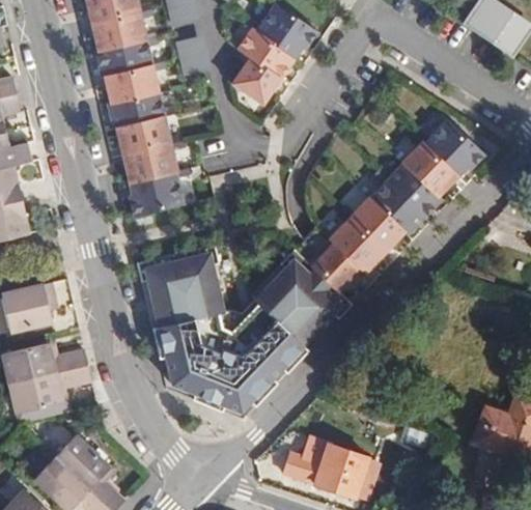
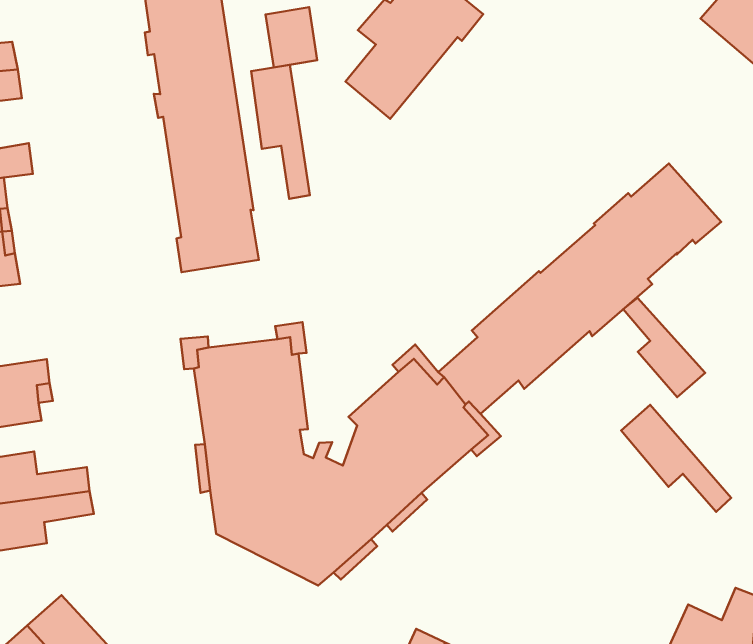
building: none -> [251,65,310,199]
building: none -> [623,298,705,397]
building: none -> [621,405,731,512]

